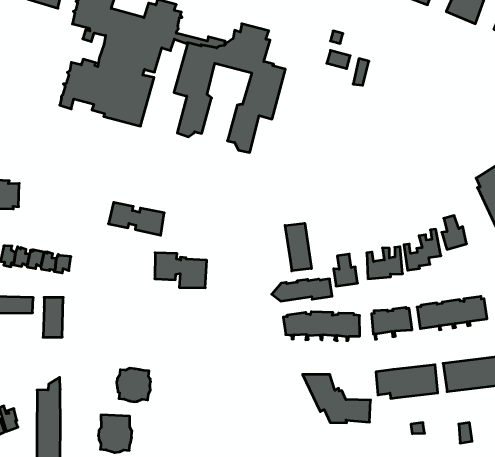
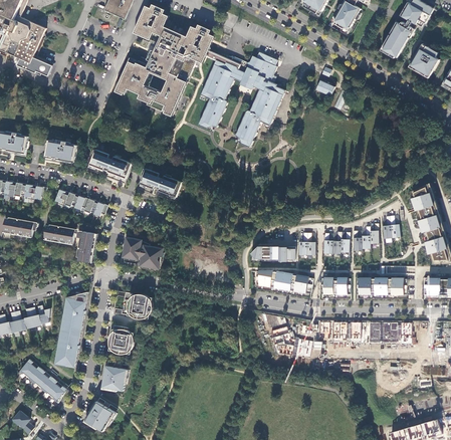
building: none -> [87,149,130,178]
building: [285,223,311,271] -> none
building: [155,253,207,288] -> [123,237,163,268]

